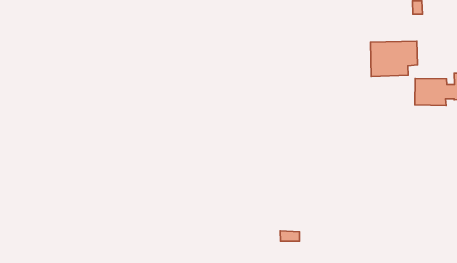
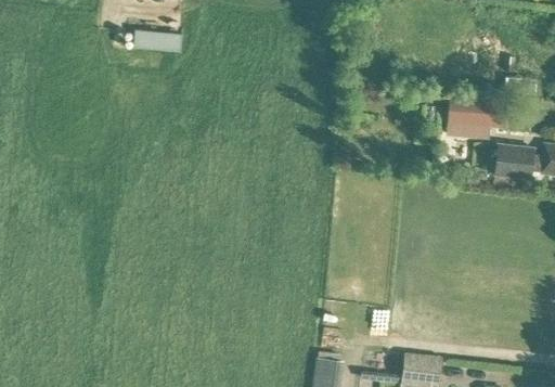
building: none -> [133,28,184,51]

